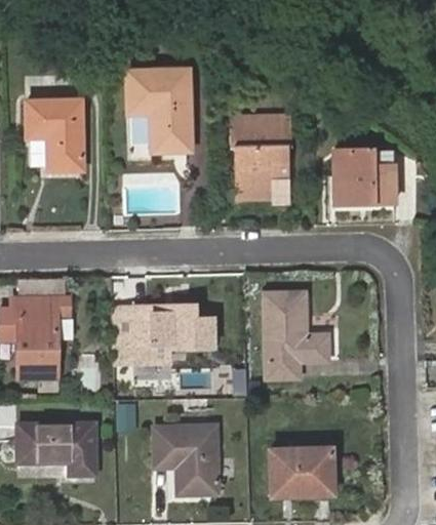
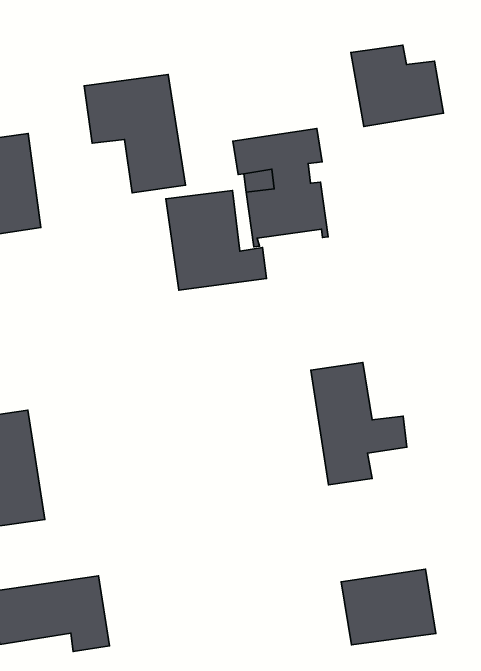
building: [333,147,395,202] -> [351,45,444,127]
building: none -> [166,191,266,290]
building: [134,305,210,362] -> none
building: [154,426,220,495] -> none

